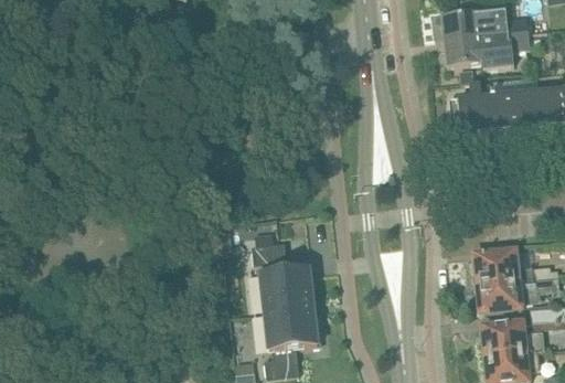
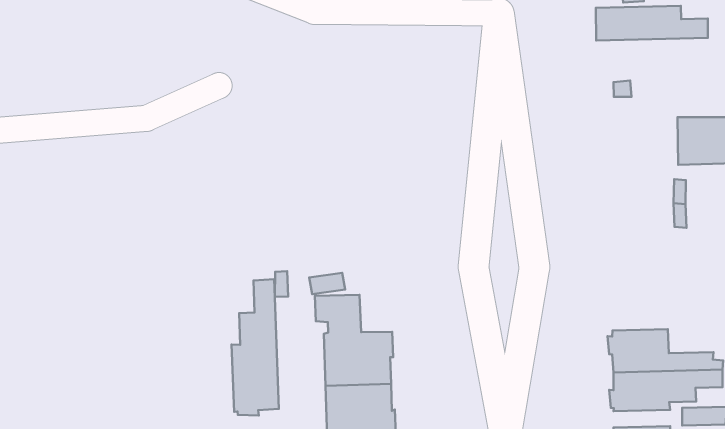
building: [445,31,531,67] -> none
building: [451,82,513,132] -> none
building: none -> [231,279,279,415]

